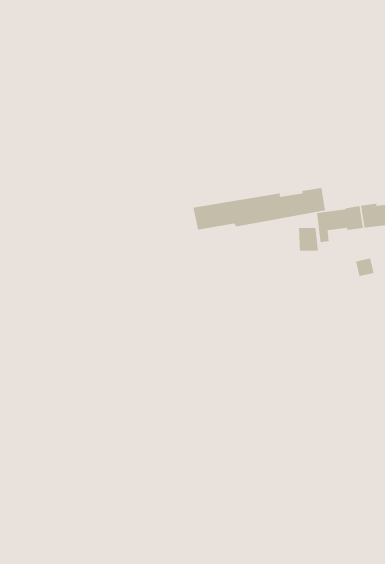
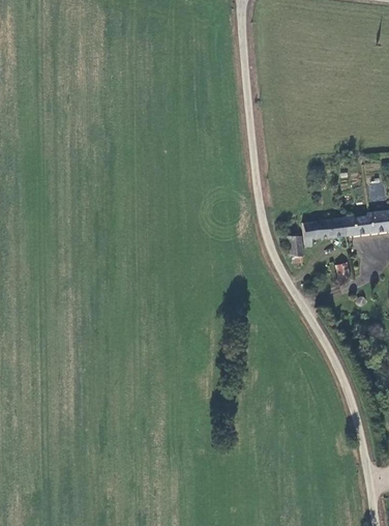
building: [193,187,326,230] -> none

